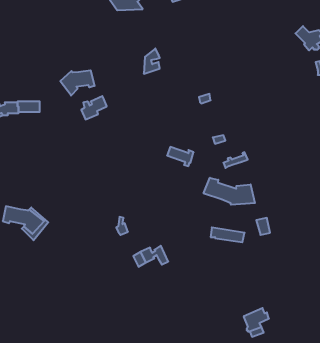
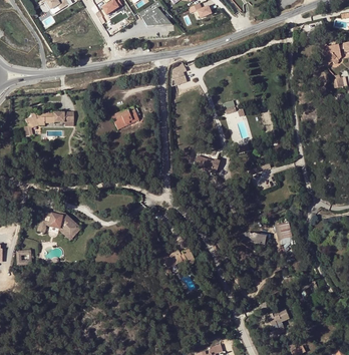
building: [60,70,95,96] -> none
building: [204,178,255,205] -> none

